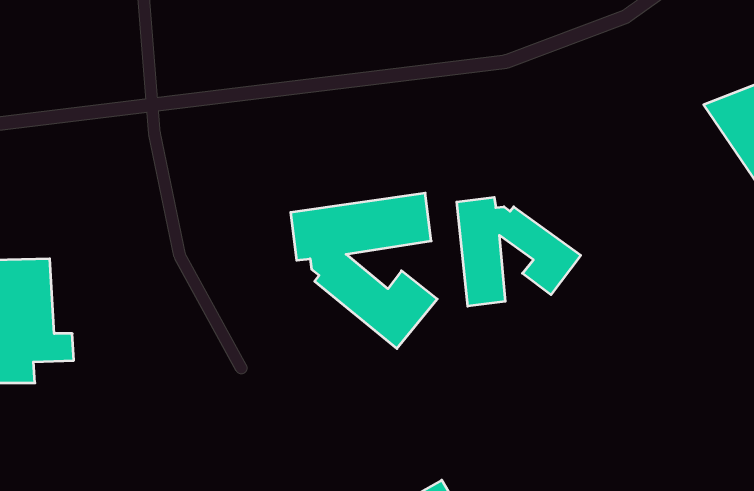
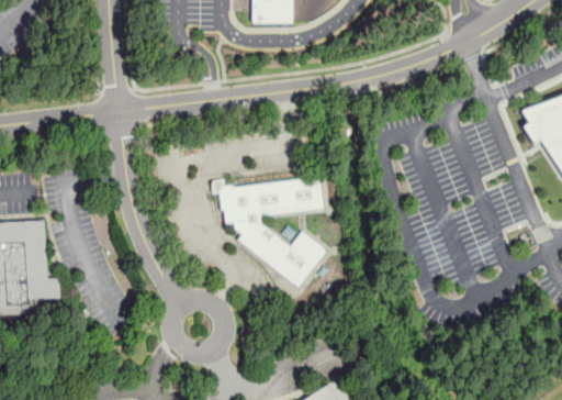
building: [457,197,581,306] -> none

